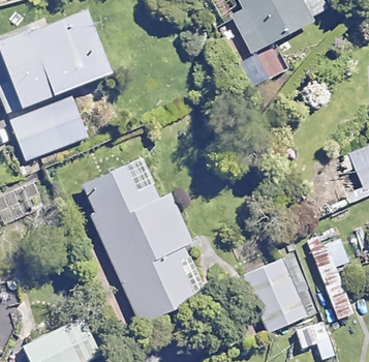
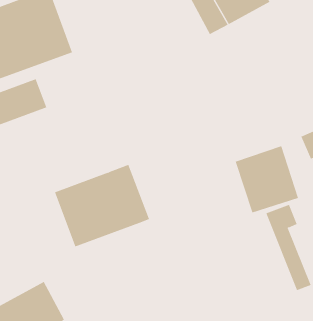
building: [78,161,147,220] -> none
building: [113,252,196,322] -> none
building: [239,255,305,326] -> [235,145,299,213]

